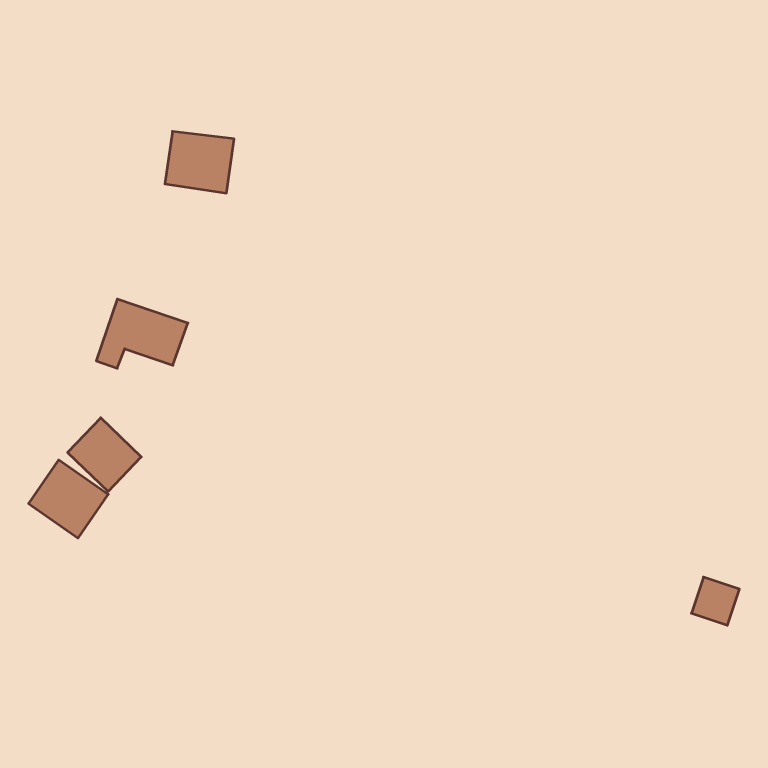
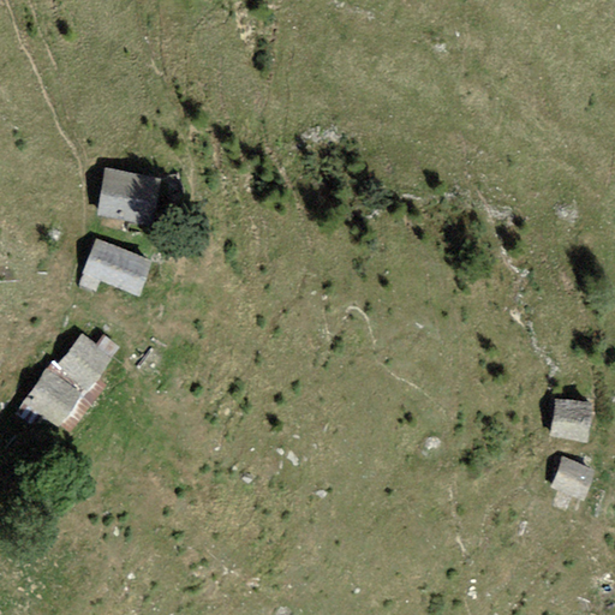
building: [165,131,234,193] -> [98,171,154,220]
building: none -> [553,398,589,437]

